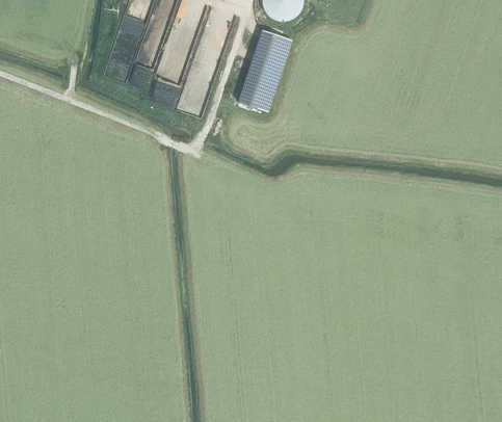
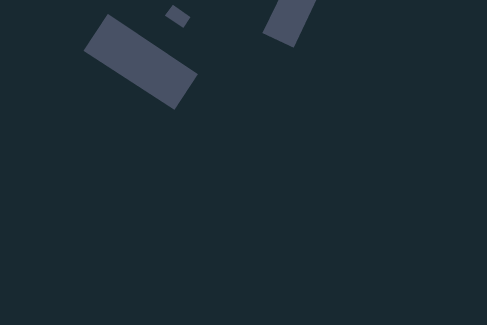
building: none -> [82,13,199,111]

